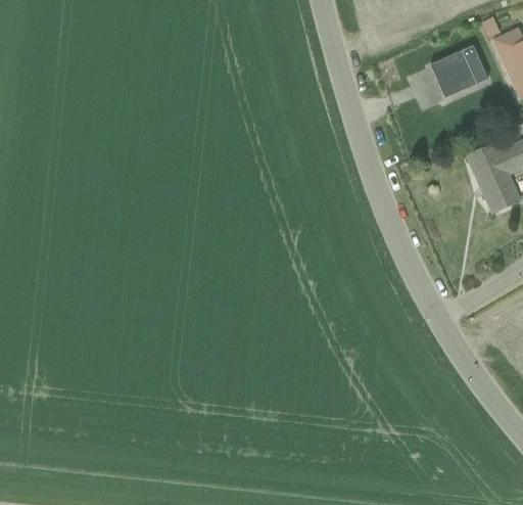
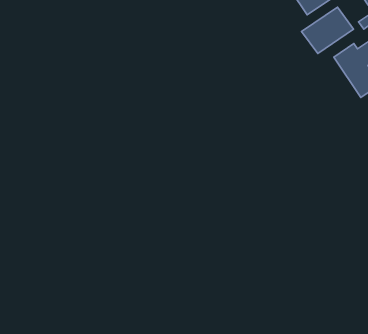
building: none -> [302,7,354,54]

